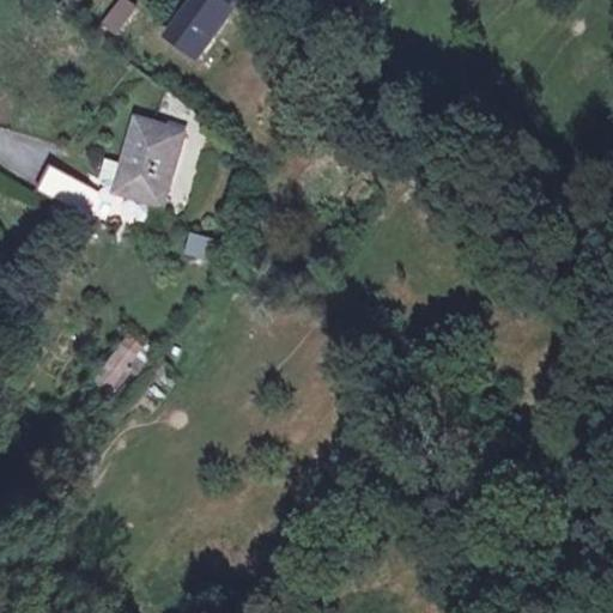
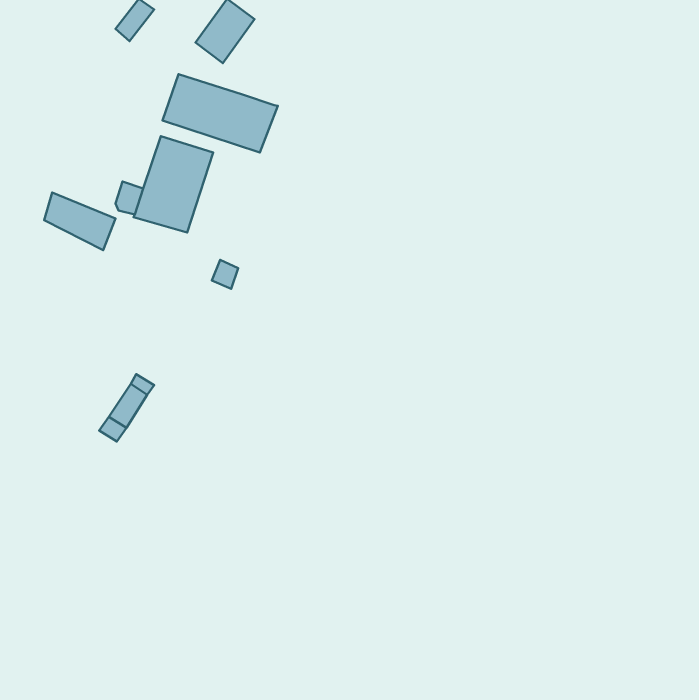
building: none -> [163,74,278,152]

